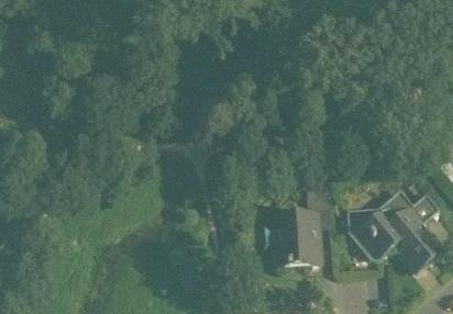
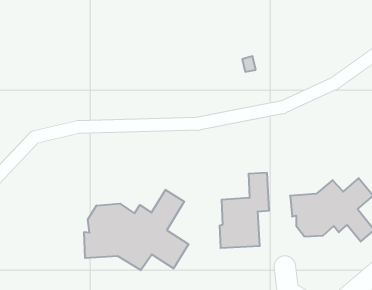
building: none -> [84,190,189,270]

